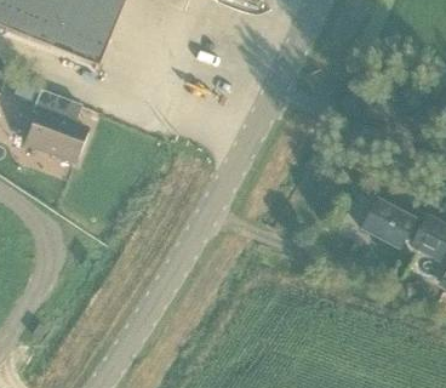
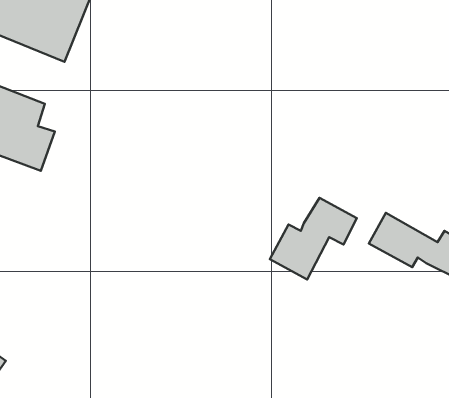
building: none -> [270,198,357,280]

